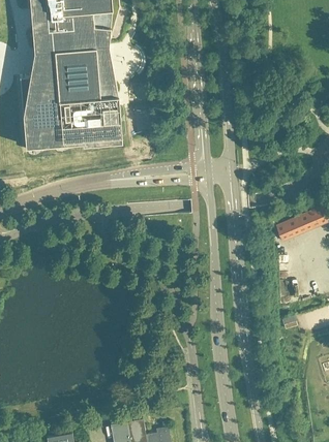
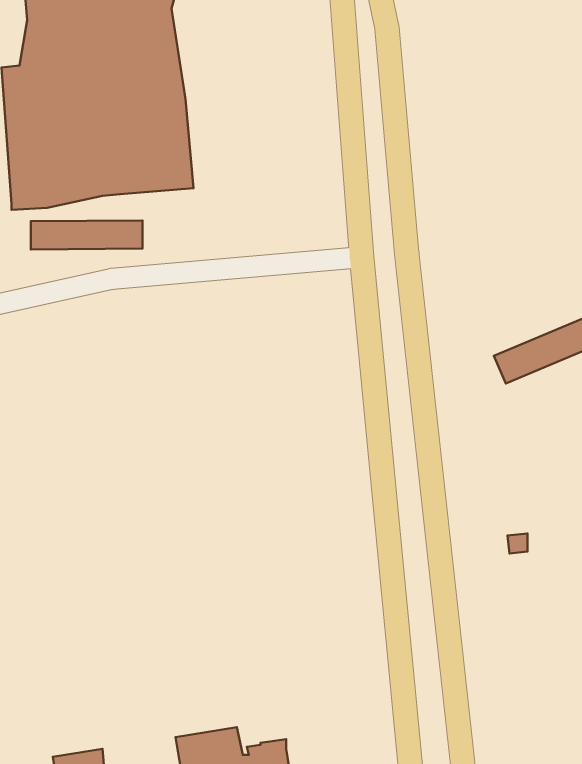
building: none -> [31,220,142,249]

